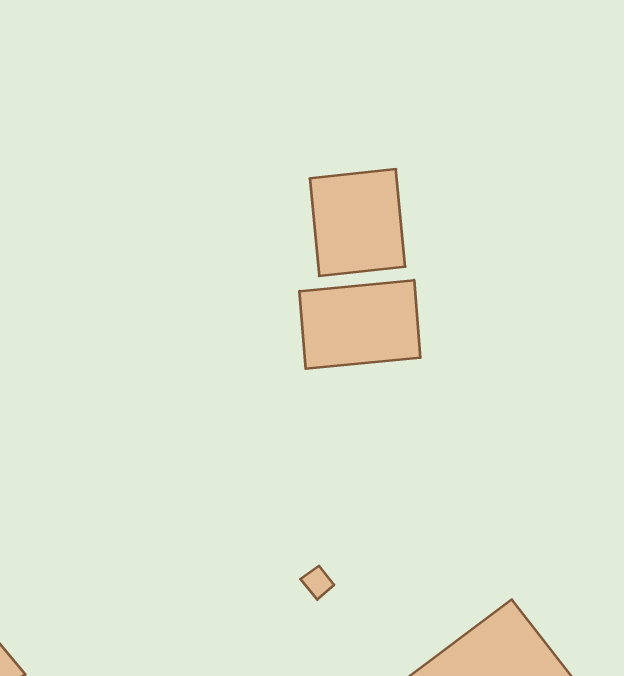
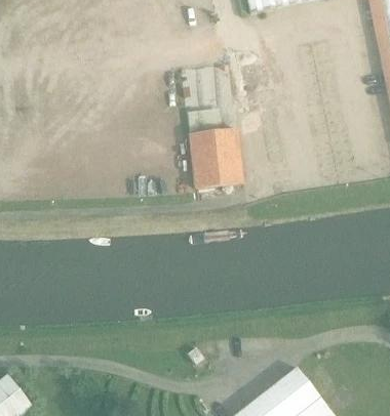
building: [300,280,420,369] -> none

